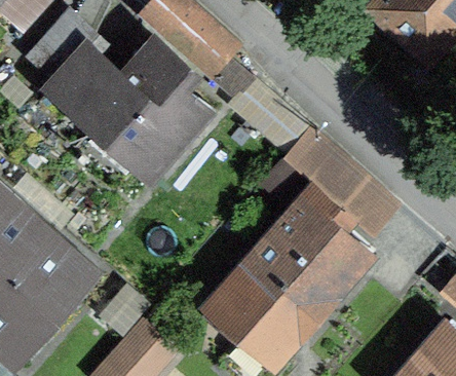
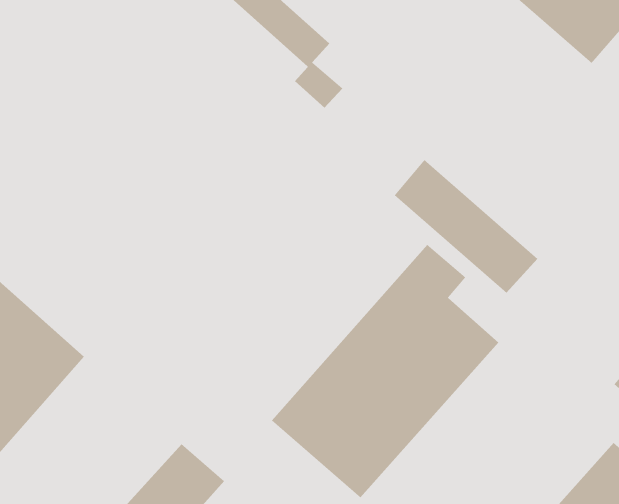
building: [39,41,201,168] -> none

